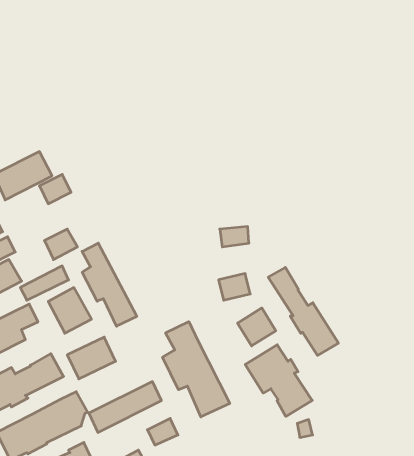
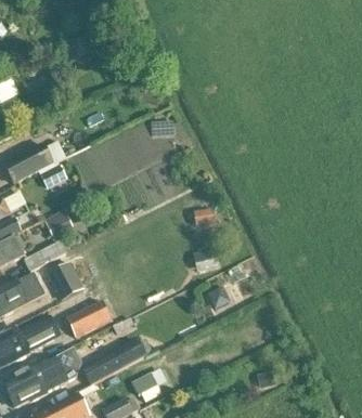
building: [82,243,137,326] -> none
building: [268,267,338,355] -> none
building: [163,322,230,417] -> none
building: [245,345,312,416] -> none

